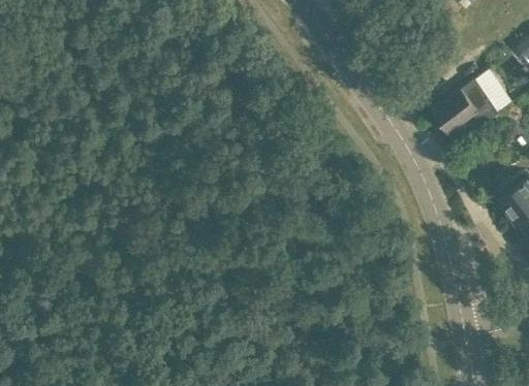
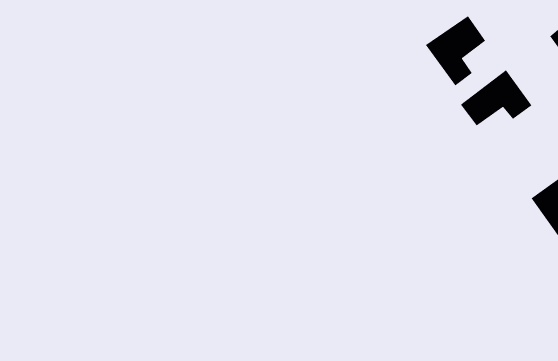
building: none -> [425,15,486,86]

